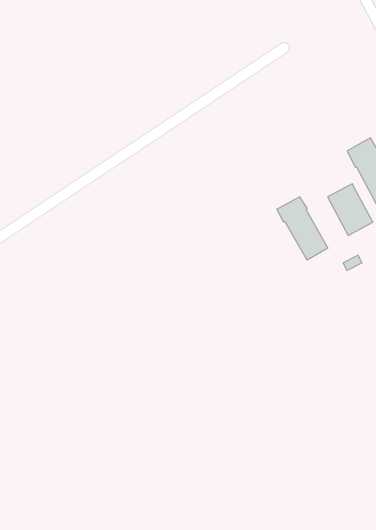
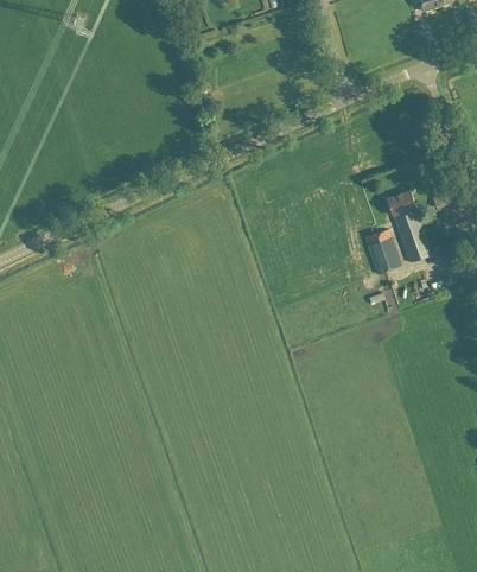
building: [277,197,328,260] -> none

